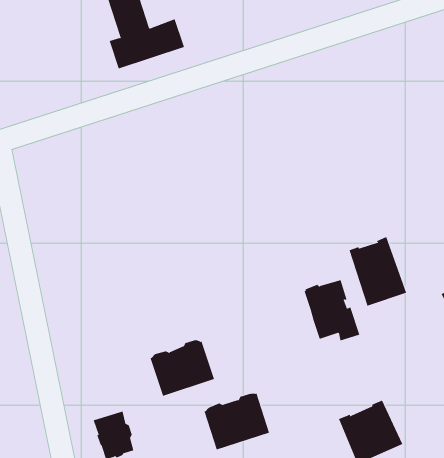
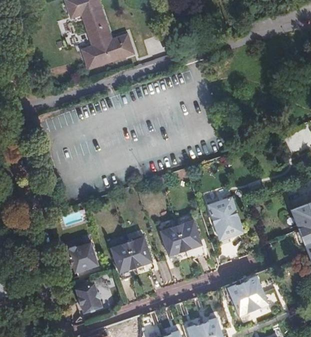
building: [349,236,407,307] -> none
building: none -> [66,242,97,272]
building: [203,393,270,450] -> [159,221,201,257]

